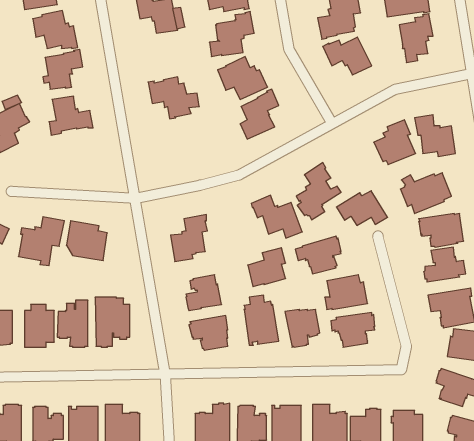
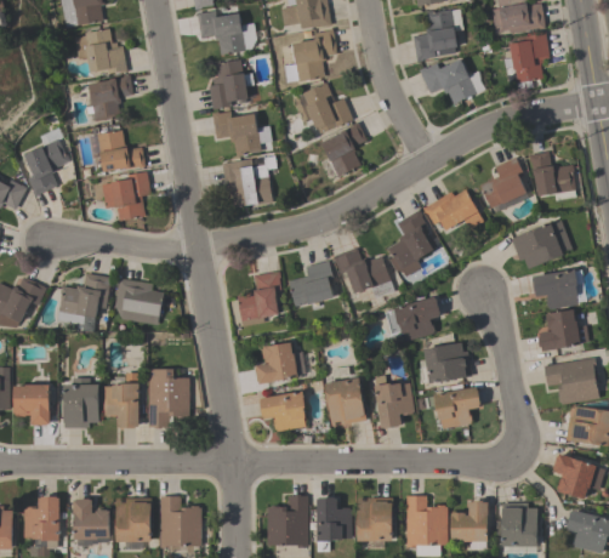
building: none -> [209,59,247,110]
building: none -> [222,156,277,206]
building: none -> [101,171,150,221]
building: [336,191,388,225] -> [423,189,484,230]
building: [248,248,286,287] -> [289,261,334,307]

